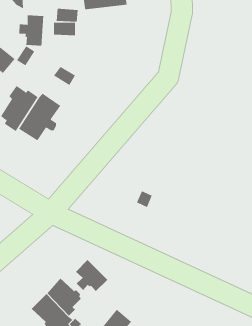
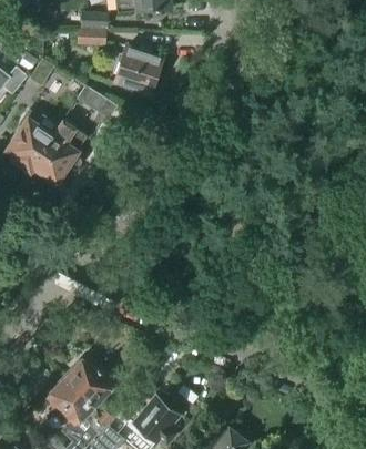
building: [19,15,44,47] -> none
building: none -> [114,48,161,94]
building: [75,259,108,292] -> none

